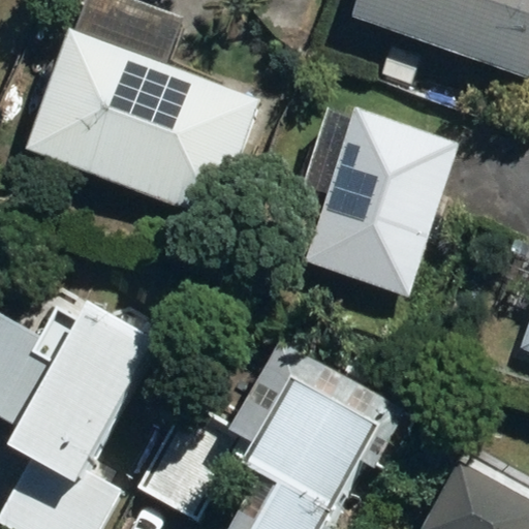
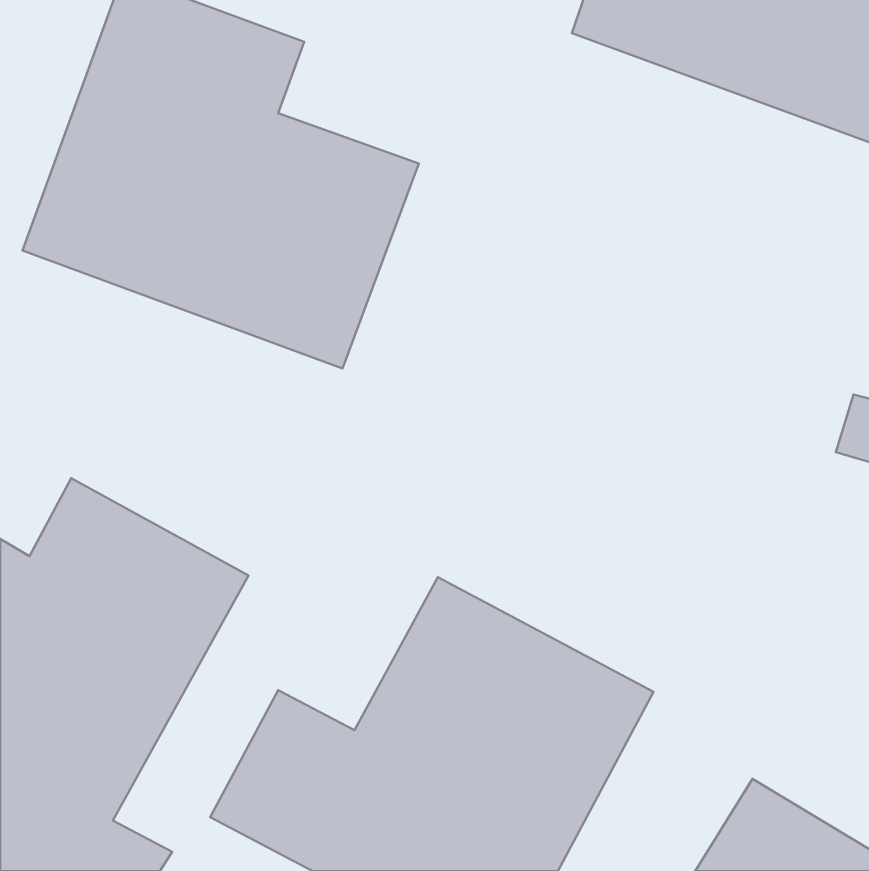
building: [277,107,459,292] -> none

